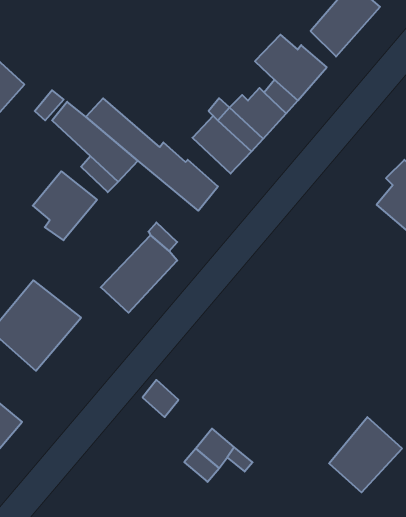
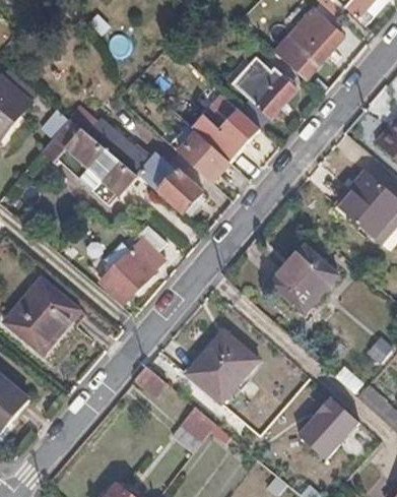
building: [33,171,97,240] -> none
building: none -> [271,245,337,312]
building: none -> [190,329,258,400]

